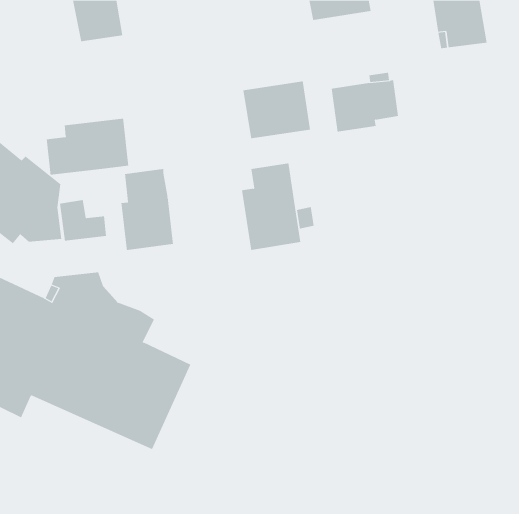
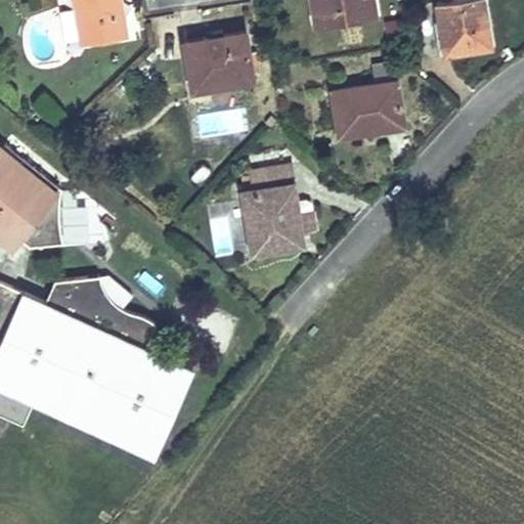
building: [243,81,311,139] -> [183,36,252,94]
building: [46,118,129,176] -> none
building: [121,168,173,251] -> none

